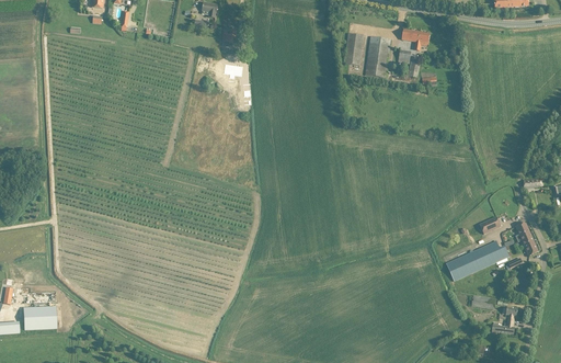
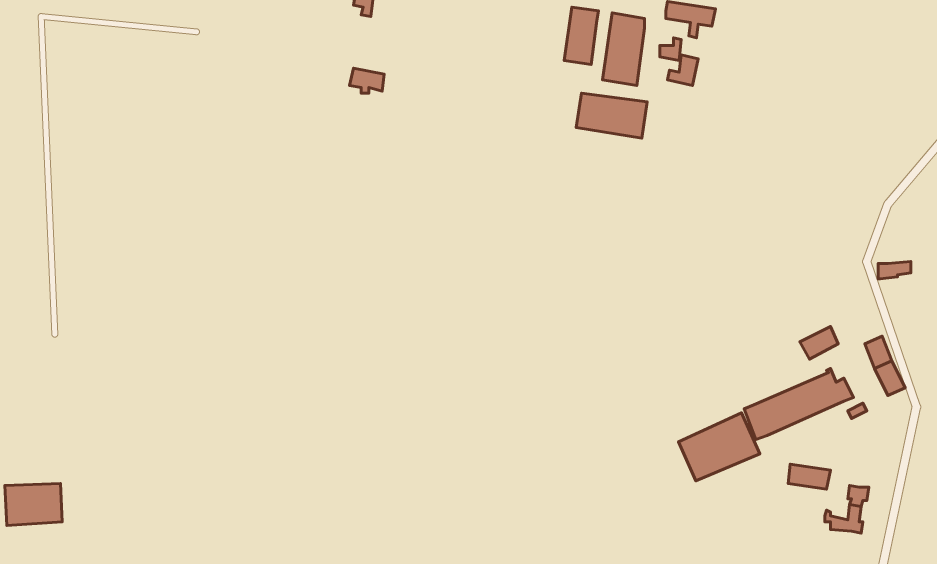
building: none -> [576,93,647,138]
building: none -> [678,413,760,481]

